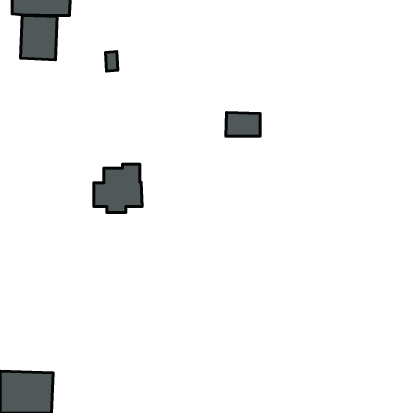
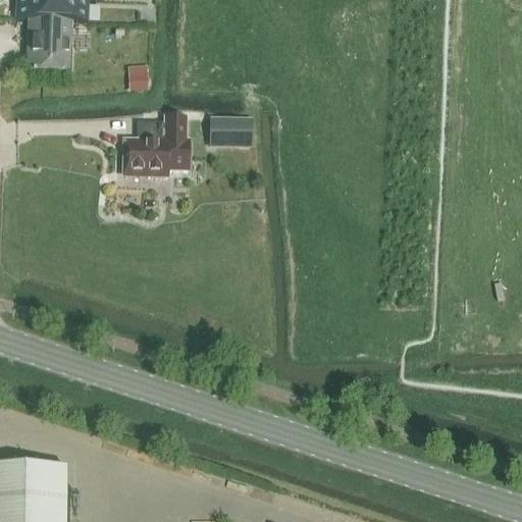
building: [226,113,260,136] -> [209,115,252,145]
building: [94,164,142,212] -> [127,114,188,174]

